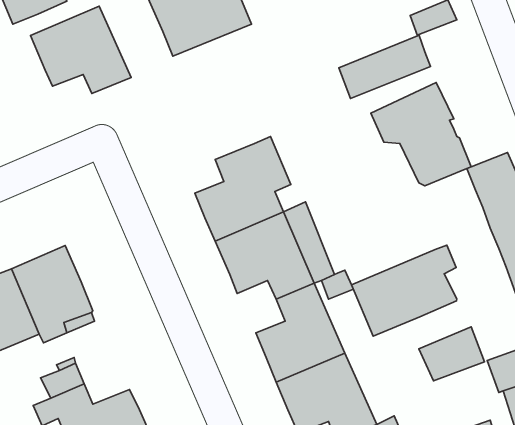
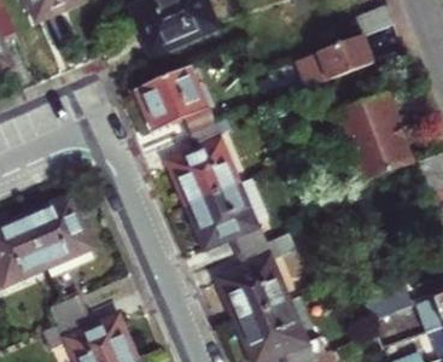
building: [31,6,131,94] -> [140,65,223,138]
building: [352,245,457,336] -> none

